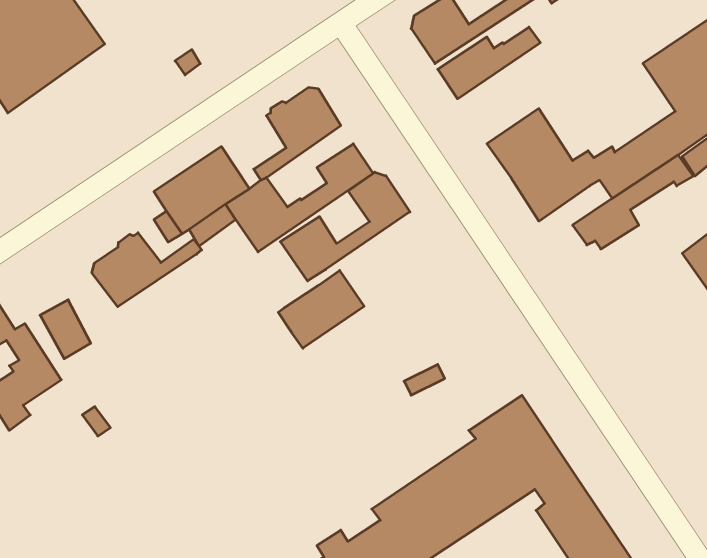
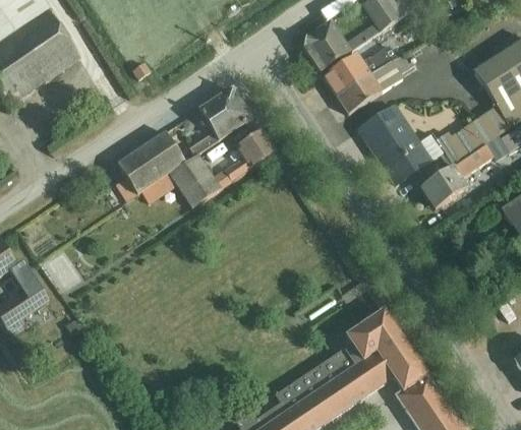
building: none -> [337,53,416,114]
building: [280,172,410,281] -> none
building: [92,233,202,307] -> none
building: [278,270,364,348] -> none

